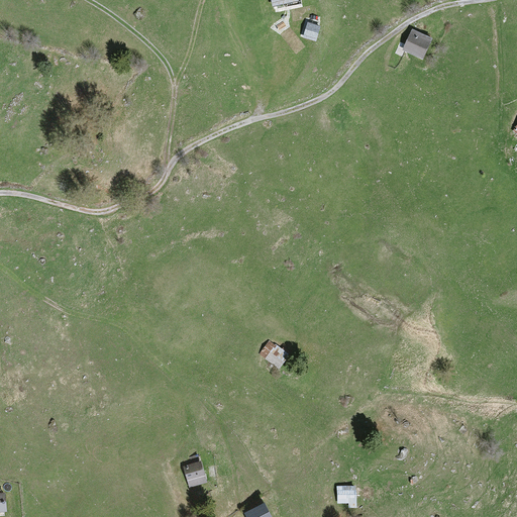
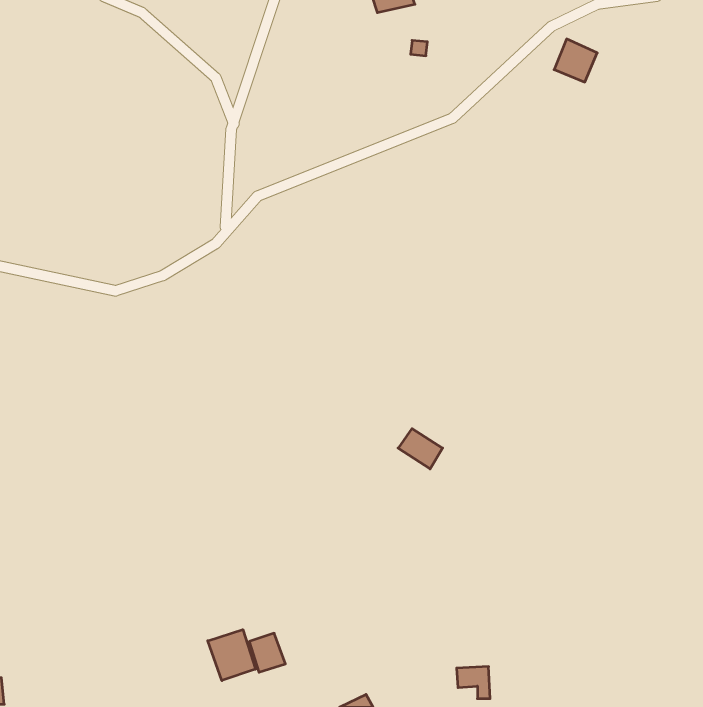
building: [256,339,289,369] -> [398,429,443,469]
building: none -> [208,630,255,681]

